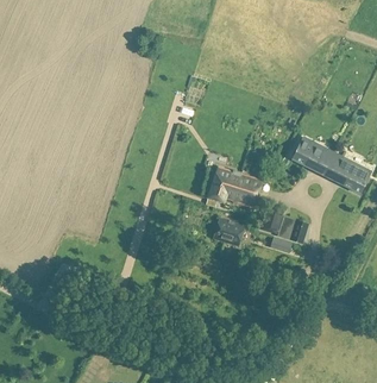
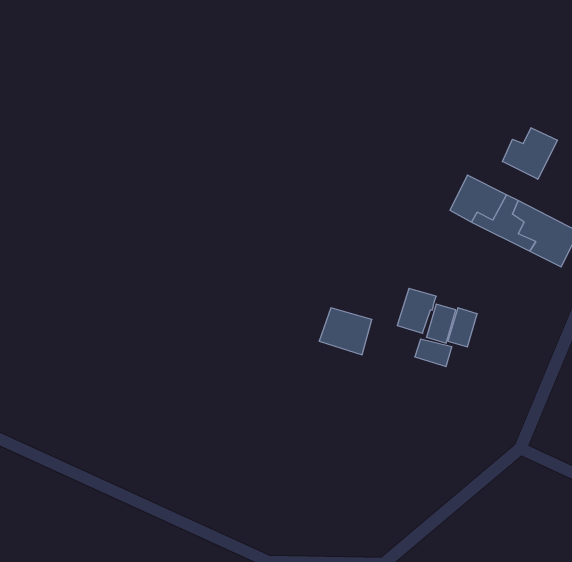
building: none -> [502,128,557,179]
building: [208,167,262,209] -> none

